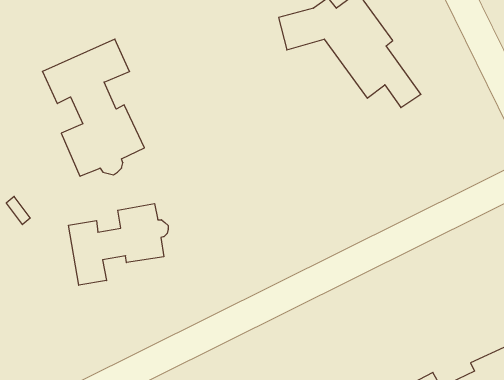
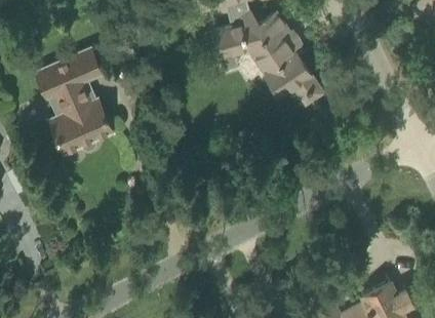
building: [69,204,168,285] -> none

